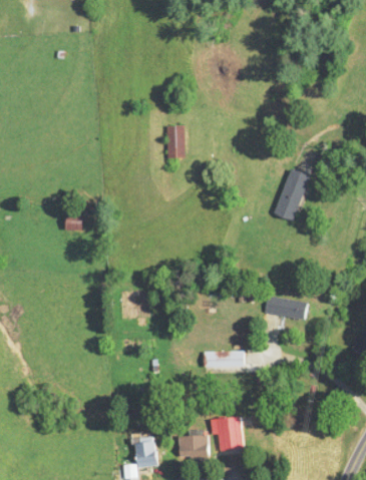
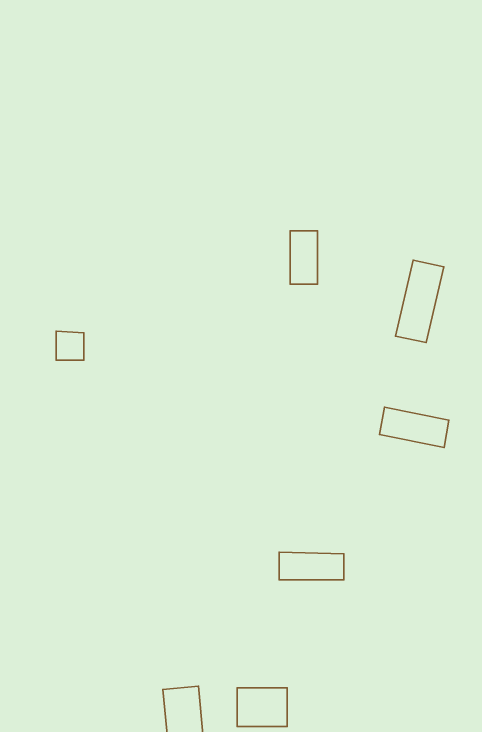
building: [167,125,185,158] -> [290,231,318,284]
building: [265,296,308,321] -> [380,407,449,447]
building: [211,417,243,450] -> none

